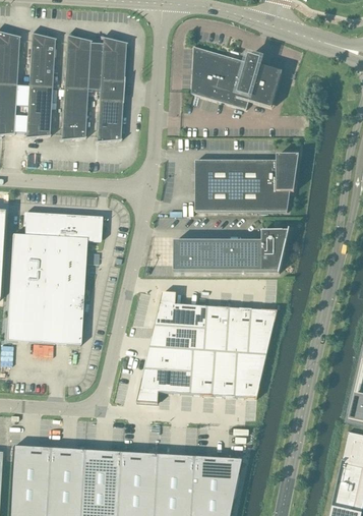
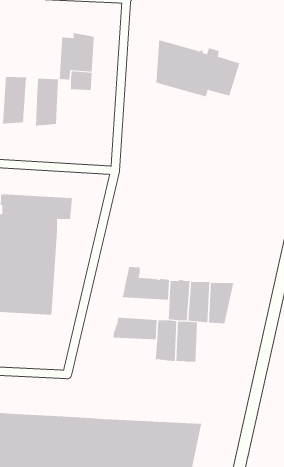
building: [29,33,56,85] -> none
building: [64,35,92,88] -> none
building: [96,99,123,140] -> none
building: [196,153,300,210] -> none
building: [175,227,291,271] -> none
building: [150,324,206,348] -> none
building: [236,350,267,396] -> none
building: [138,367,193,401] -> none

